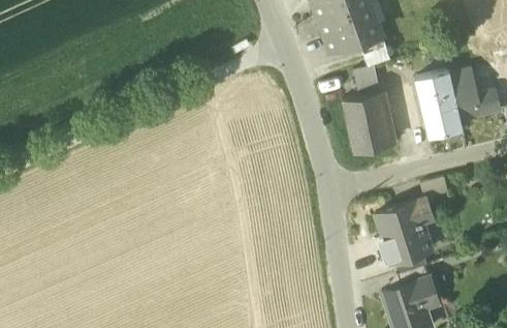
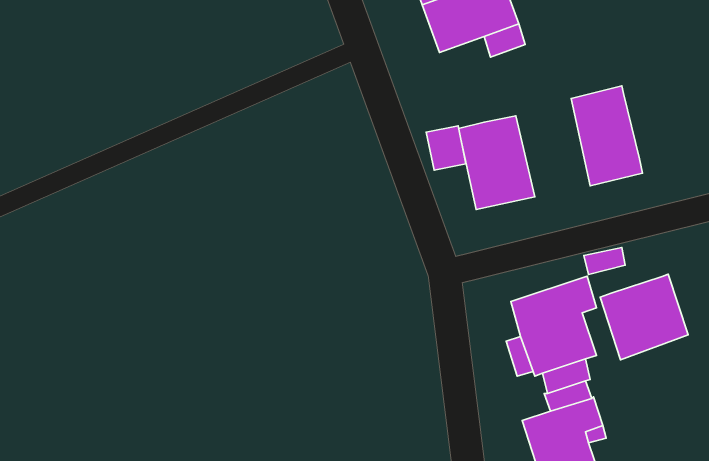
building: [354,68,380,97] -> [426,126,466,170]
building: [450,73,500,121] -> none
building: none -> [600,274,688,360]

